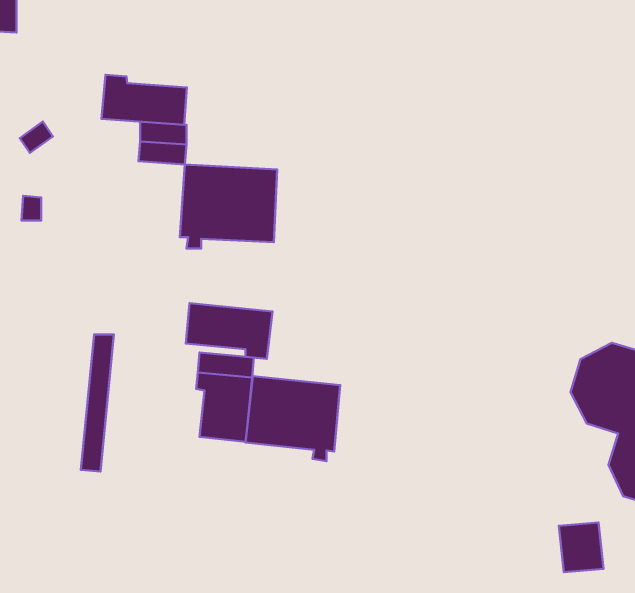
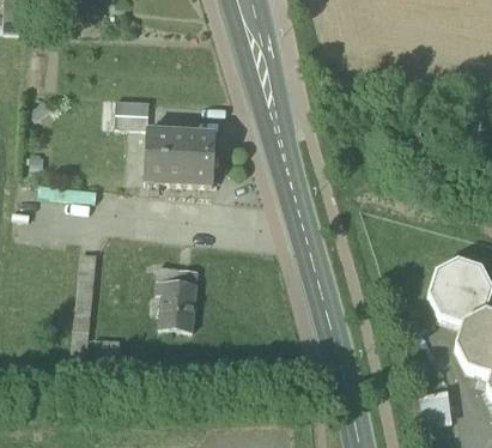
building: [101,75,187,125] -> none
building: [186,303,273,359] -> none
building: [246,376,340,461] -> none

